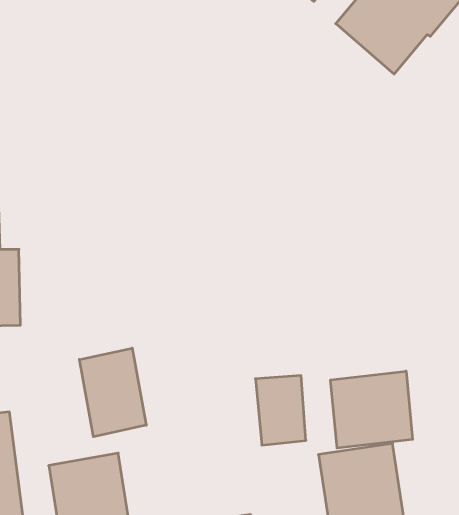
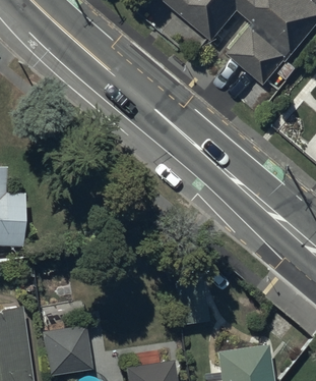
building: [79,348,146,437] -> none
building: [331,371,413,448] -> none

